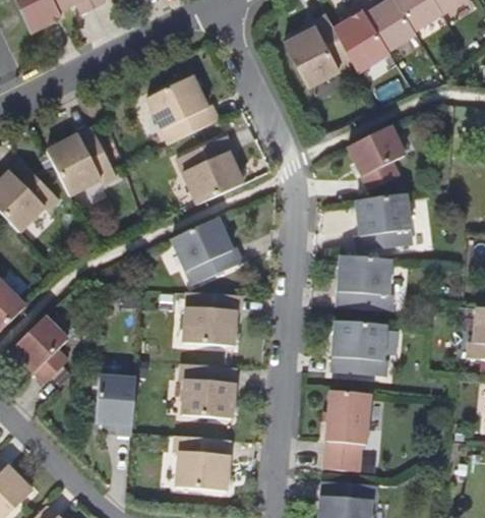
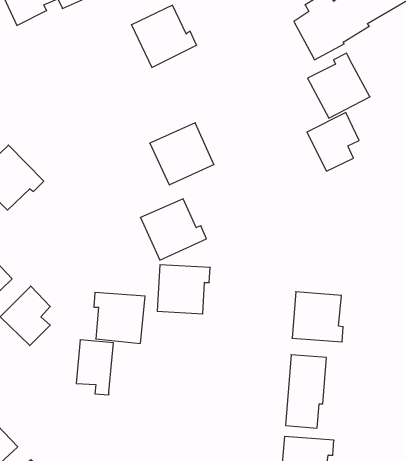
building: [285,13,353,84] -> [308,53,370,118]
building: [146,76,218,145] -> [131,5,197,67]
building: [47,128,117,196] -> none
building: [356,194,411,251] -> none
building: [337,255,392,311] -> none
building: [180,363,236,419] -> [94,292,145,343]
building: [174,436,230,491] -> none

